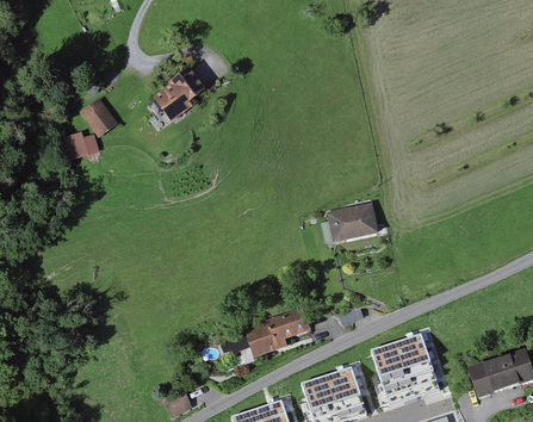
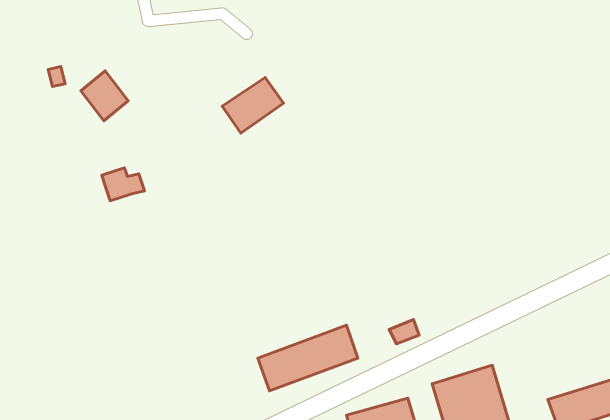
building: [155,69,206,116] -> [222,77,284,133]
building: [63,130,99,157] -> [102,168,145,201]
building: [327,201,376,238] -> none

